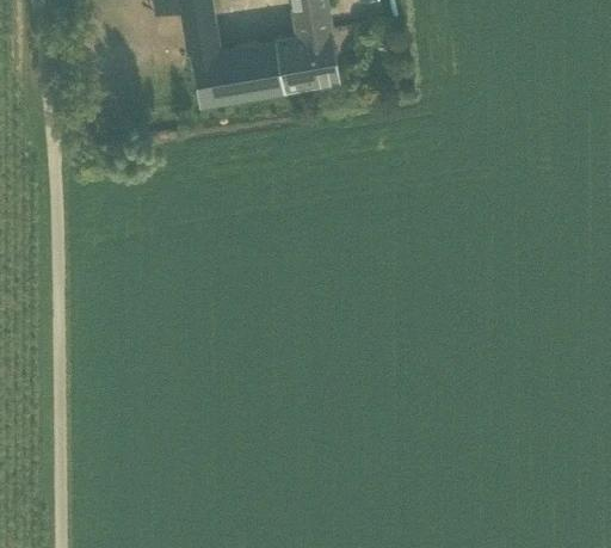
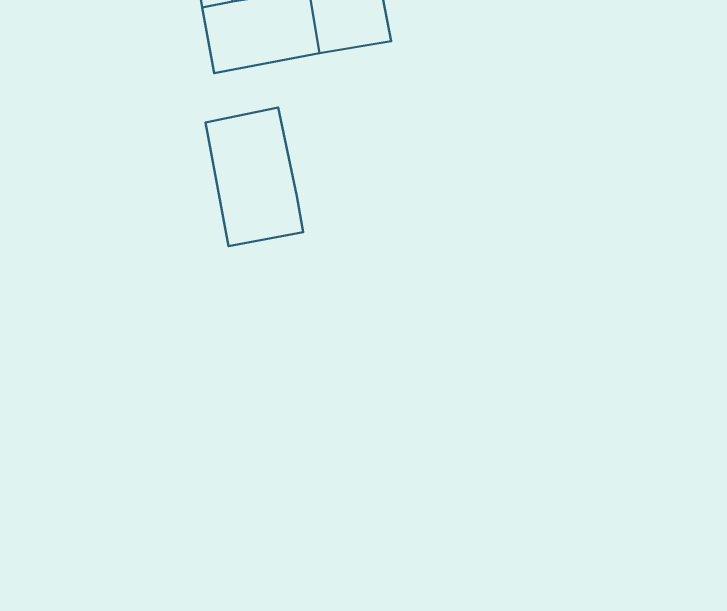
building: none -> [206,108,303,246]

